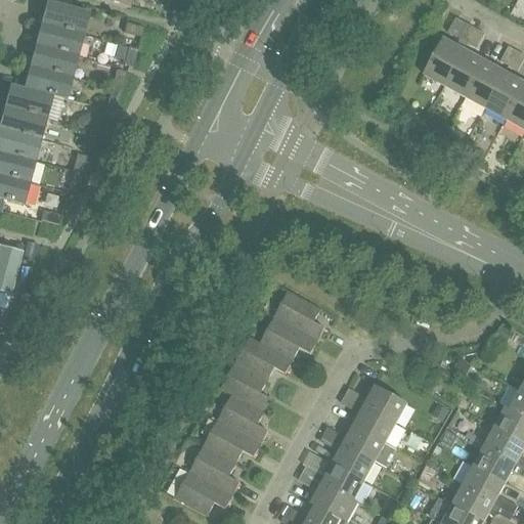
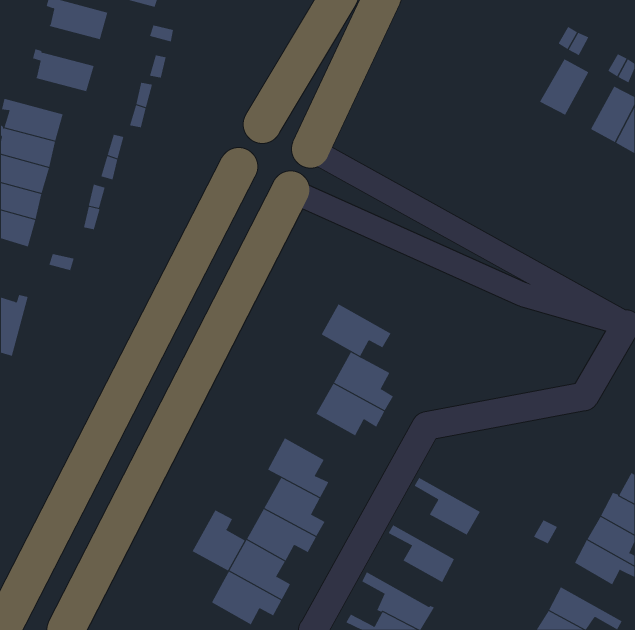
building: [32,18,83,54] -> none
building: [424,37,465,84] -> none
building: [466,59,506,106] -> none
building: [20,61,72,98] -> none
building: [234,335,293,379] -> [321,304,392,357]
building: [345,384,406,422] -> none
building: none -> [192,510,246,582]
building: [323,424,385,461] -> none
building: [302,462,364,499] -> none
building: [462,464,517,512] -> none

